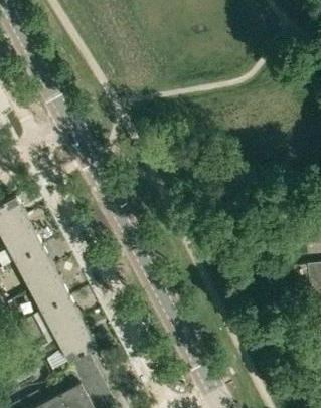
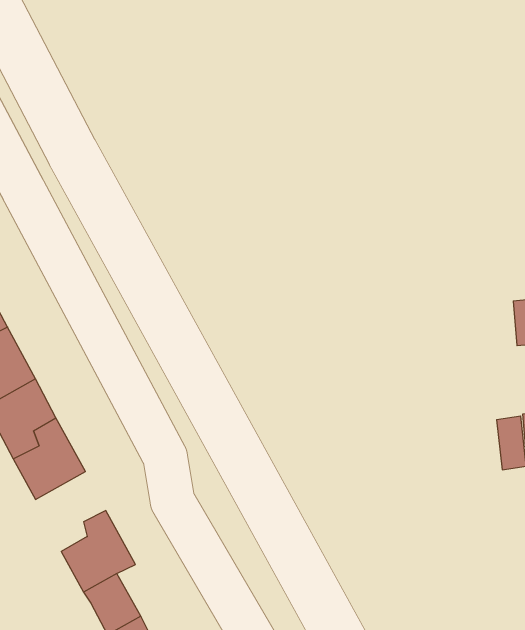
building: [41,296,79,340] -> none

